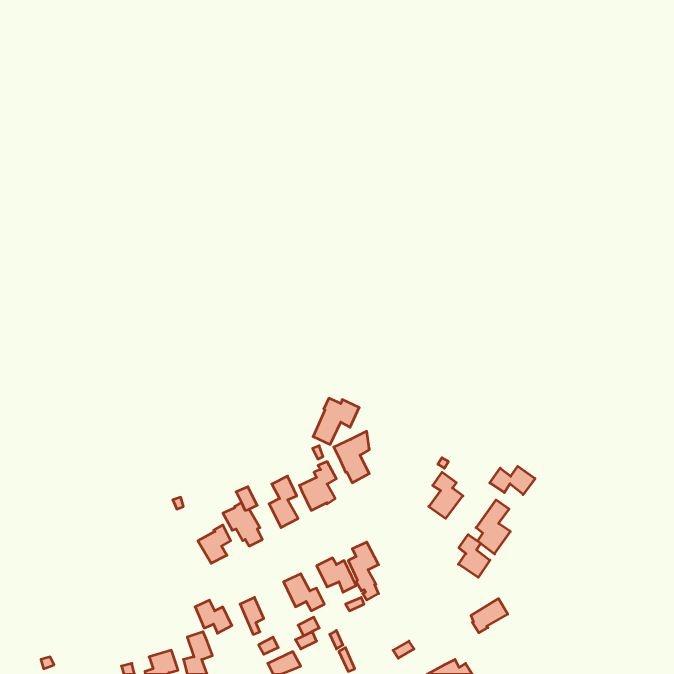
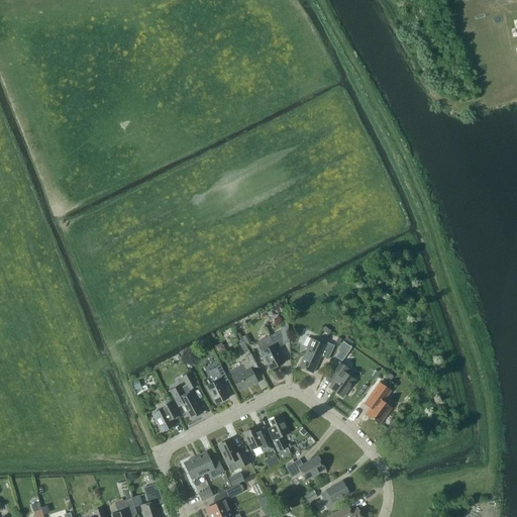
building: [313,398,359,444] -> [299,337,334,373]
building: [490,466,535,495] -> none
building: [458,535,490,577] -> none
building: none -> [285,456,324,480]
building: [471,599,508,633] -> [320,481,348,507]
building: [195,600,232,633] -> [195,452,223,478]

